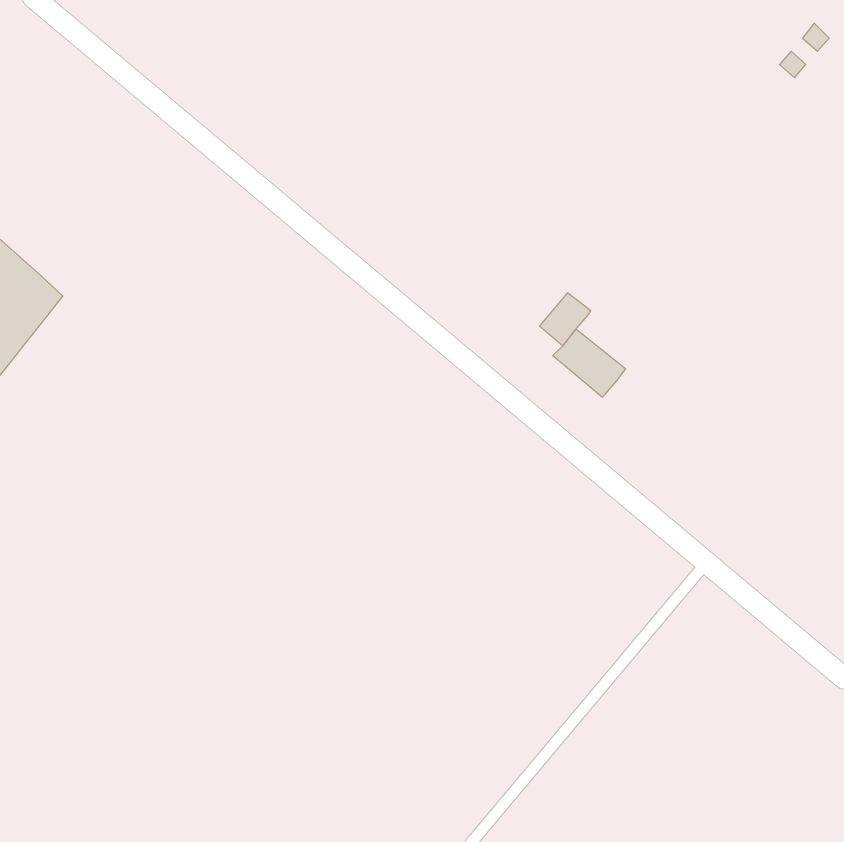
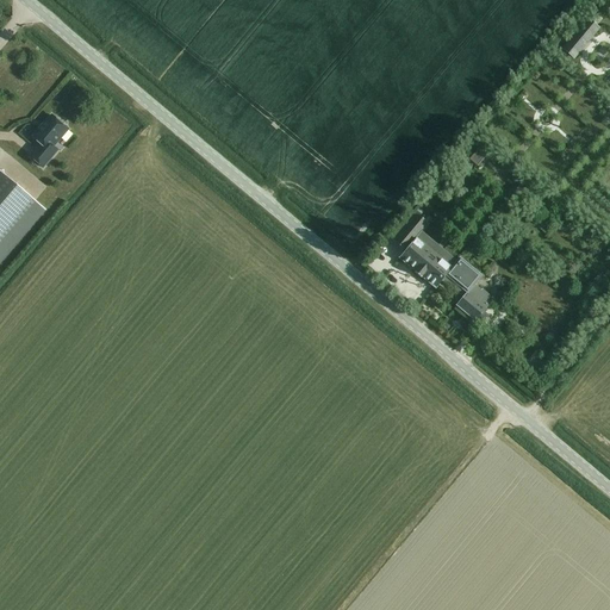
building: none -> [29,113,67,166]
building: none -> [444,256,492,320]

